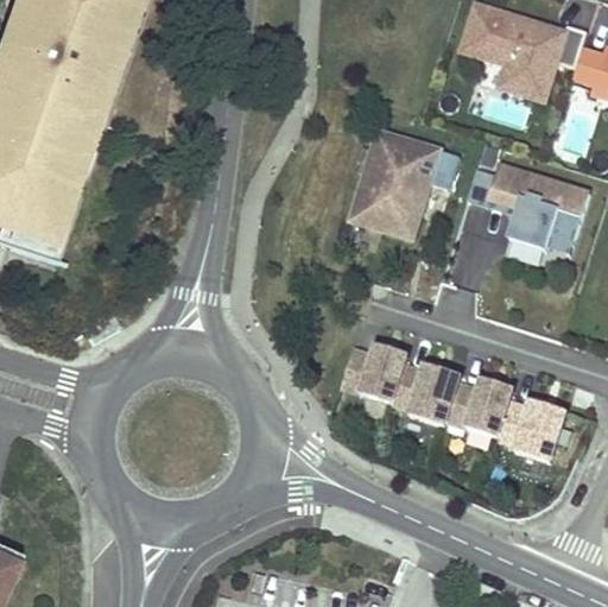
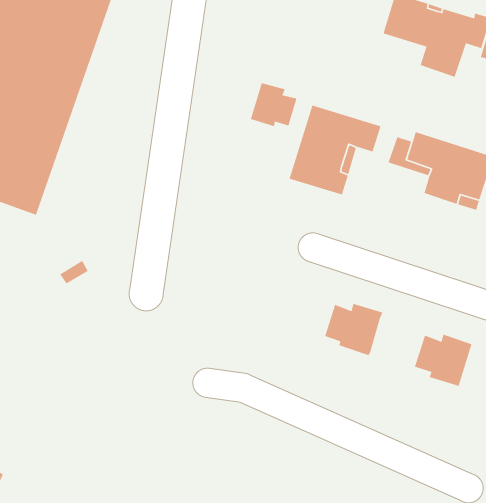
building: none -> [250,82,297,127]
building: [342,342,407,400] -> none
building: [446,375,512,435] -> none

